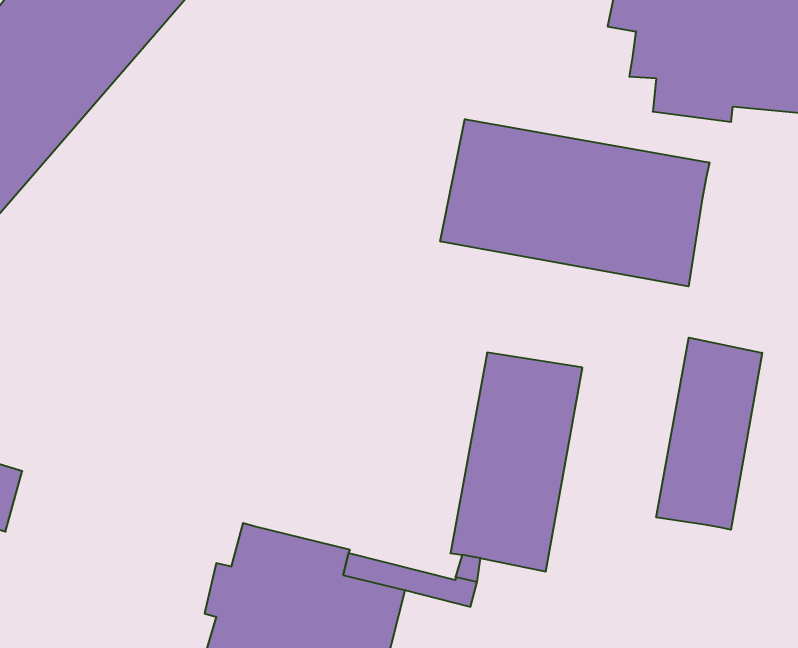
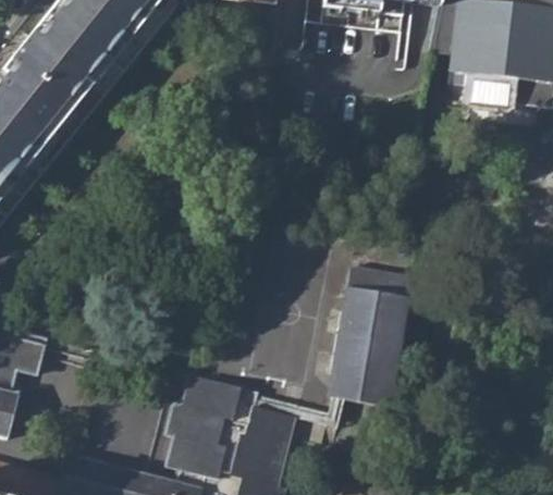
building: [440,119,709,286] -> none
building: [656,338,762,530] -> none

